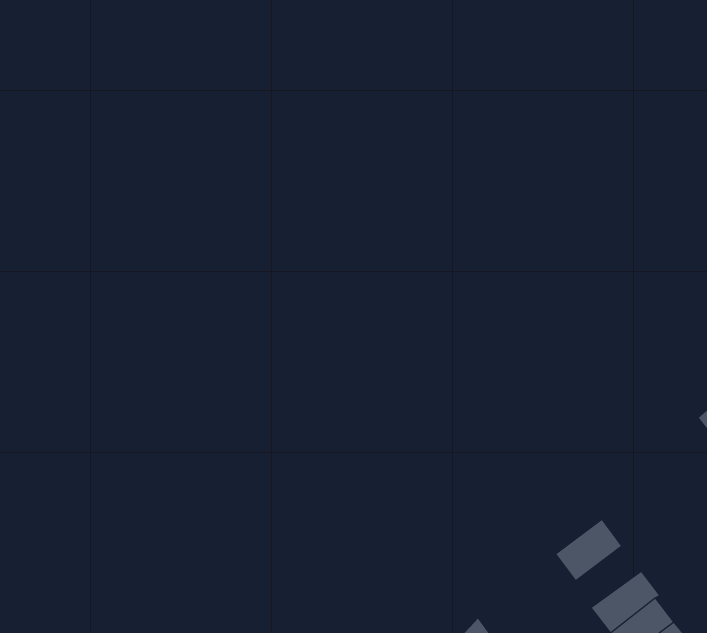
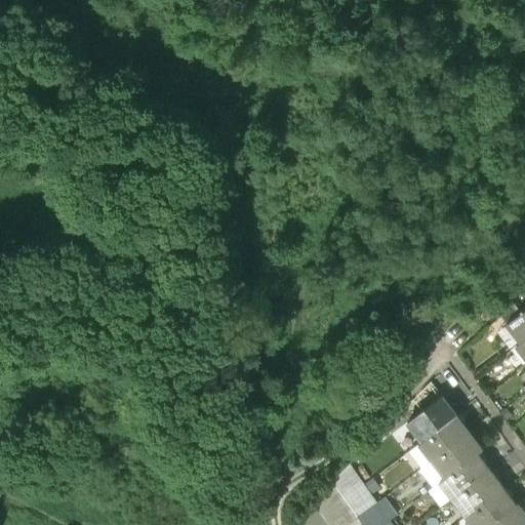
building: none -> [418,418,469,463]

